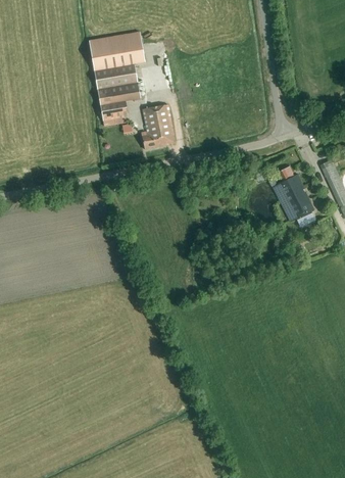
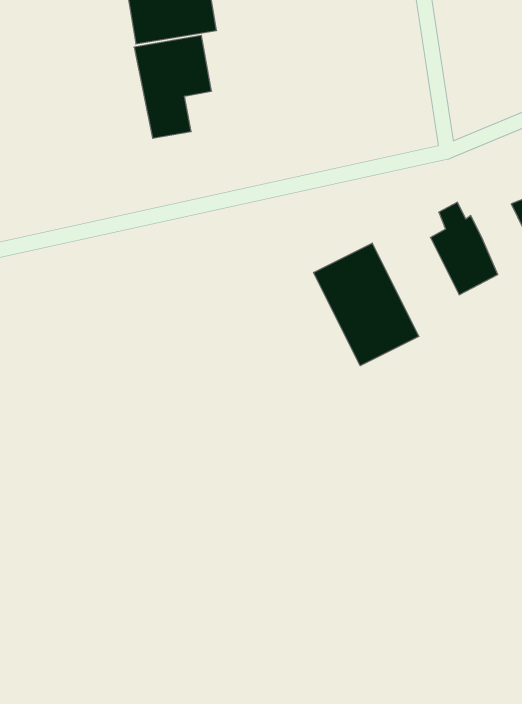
building: [142,104,176,150] -> none
building: none -> [314,243,419,366]

